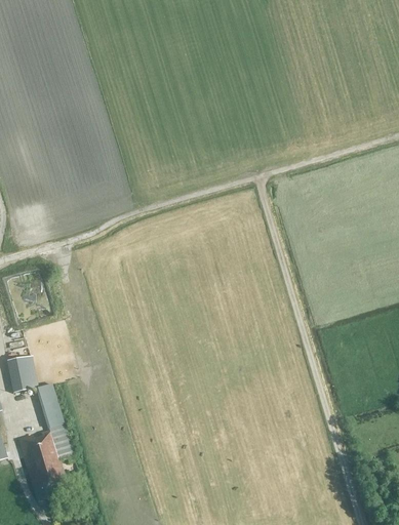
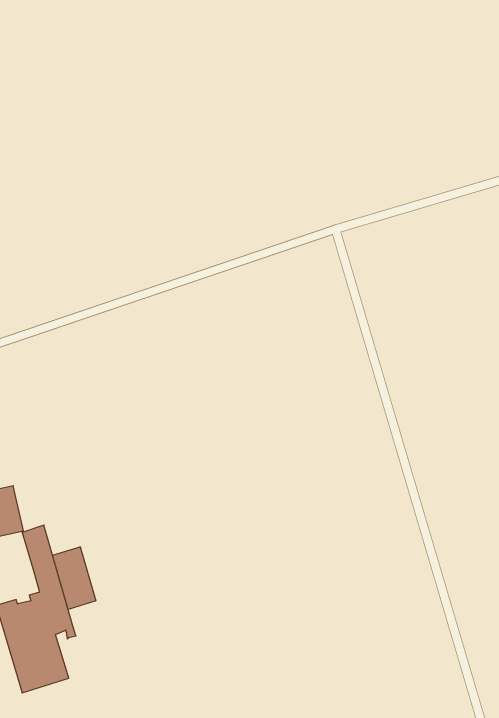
building: none -> [52,547,96,609]

